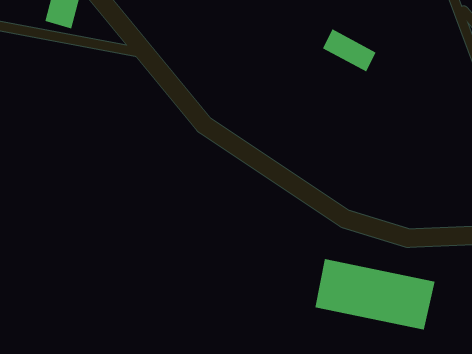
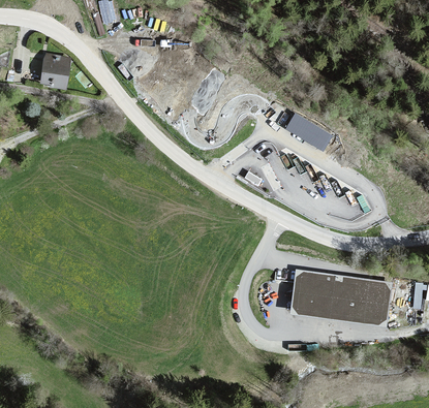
building: [322,29,376,72] -> [285,115,332,150]

